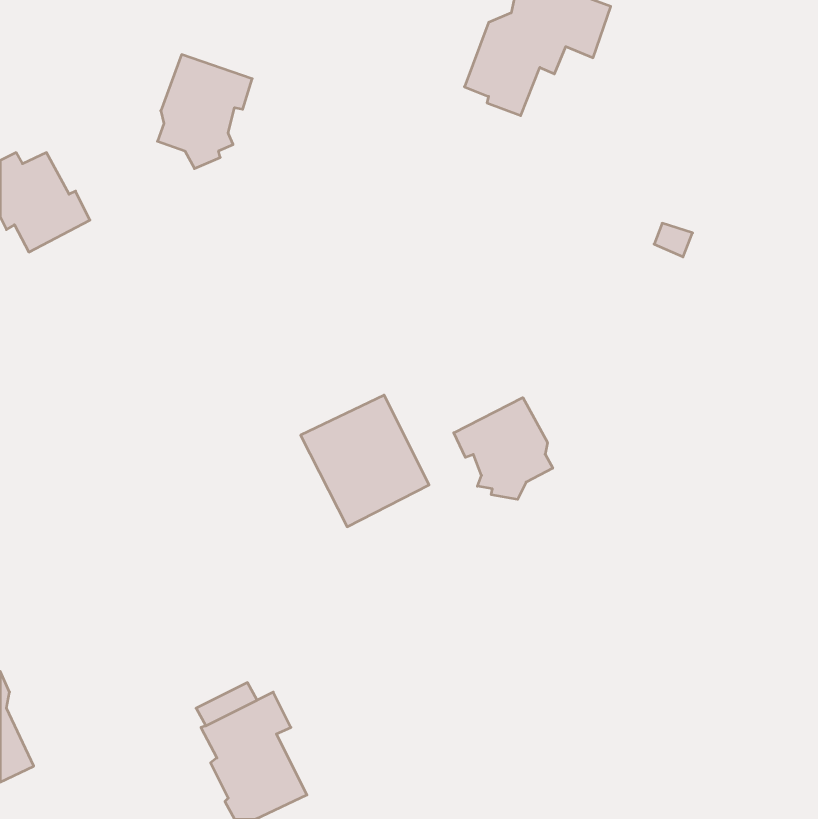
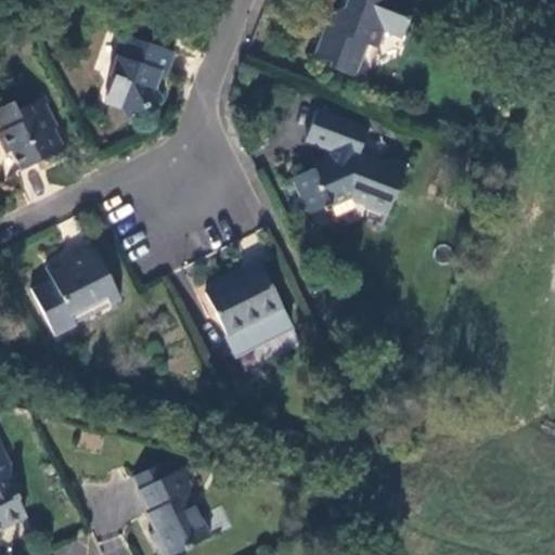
building: none -> [294,111,404,215]
building: none -> [30,245,121,337]
building: [454,398,553,499] -> none

